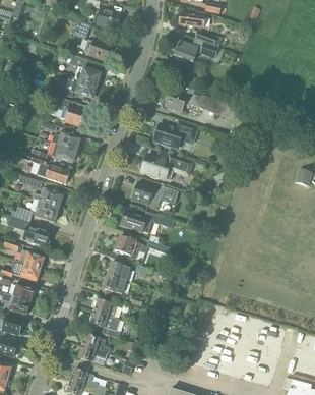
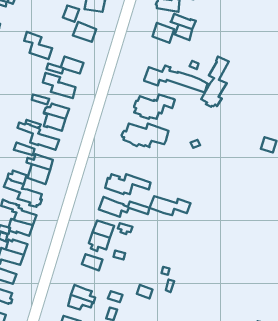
building: [69,54,101,84] -> [24,32,52,59]
building: none -> [201,56,229,107]
building: [132,183,178,205] -> [150,196,190,215]
building: [91,311,120,338] -> none

